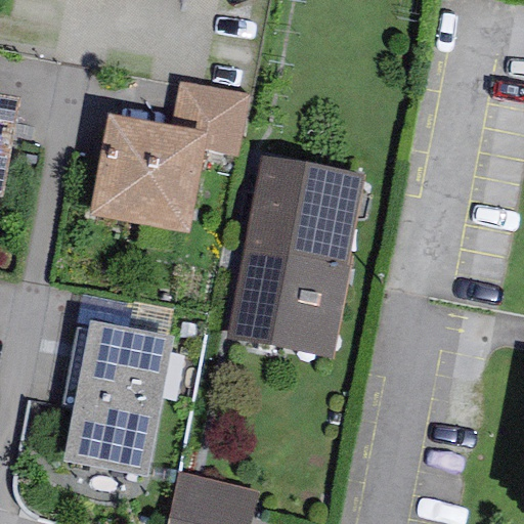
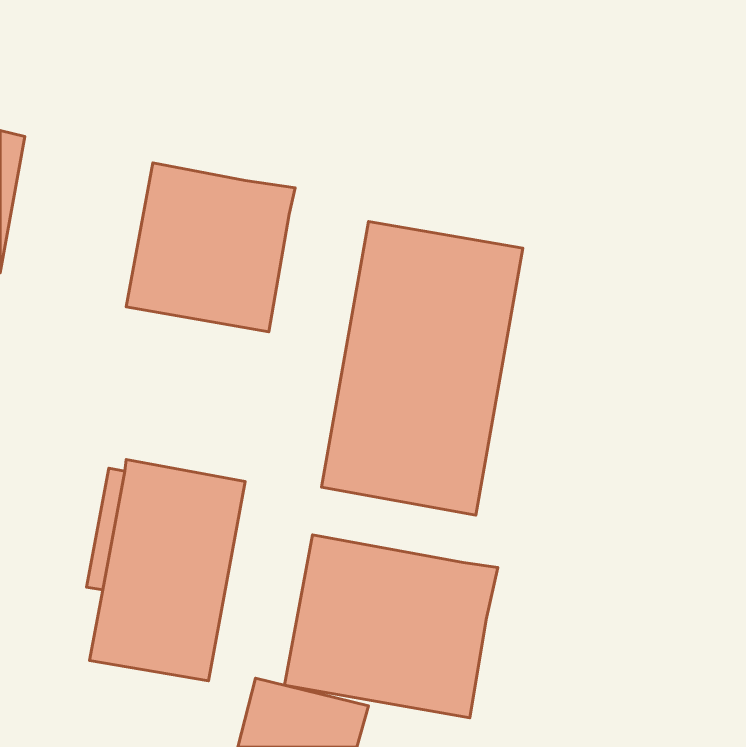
building: [174,82,249,156] -> none
building: none -> [284,535,498,718]

